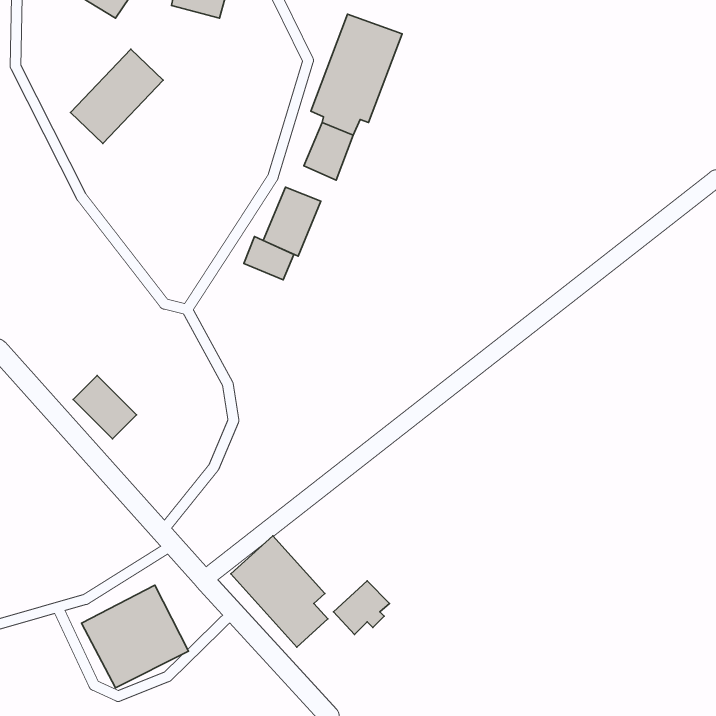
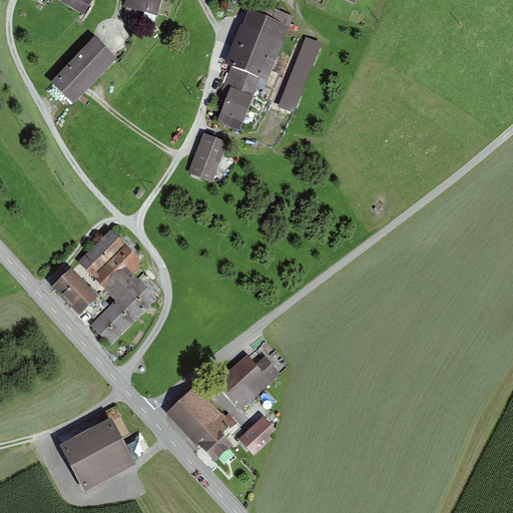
building: none -> [278,37,325,110]
building: [244,237,294,280] -> none
building: none -> [77,228,158,343]
building: none -> [214,346,289,409]

